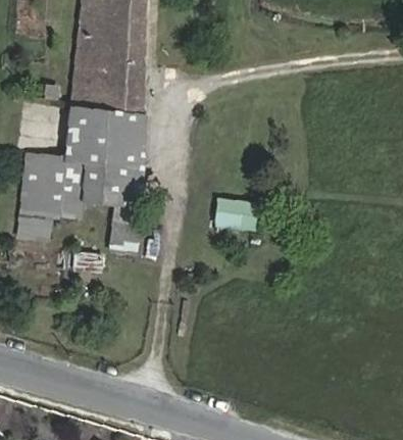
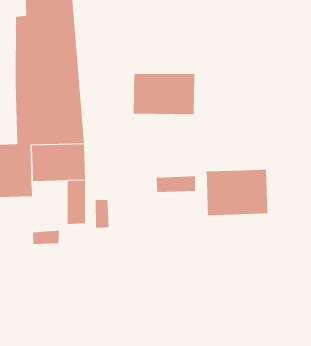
building: none -> [133,73,195,115]
building: none -> [206,169,268,216]

